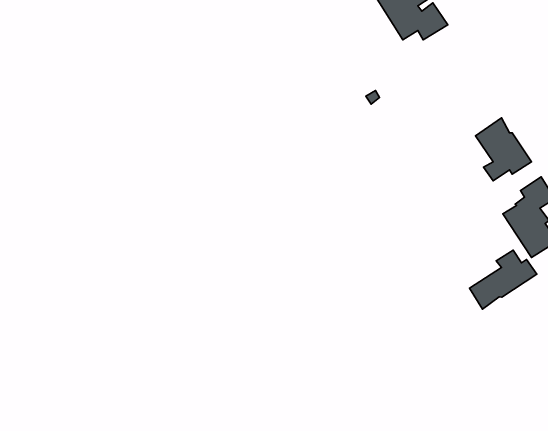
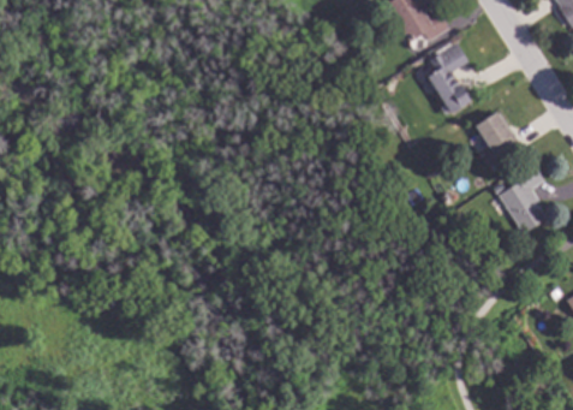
building: none -> [428,43,470,113]
building: [469,250,537,309] -> none

